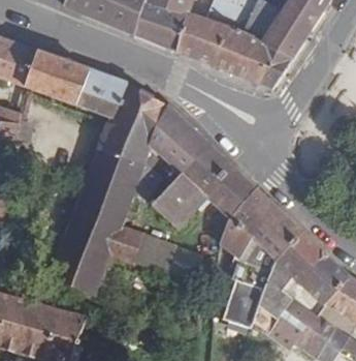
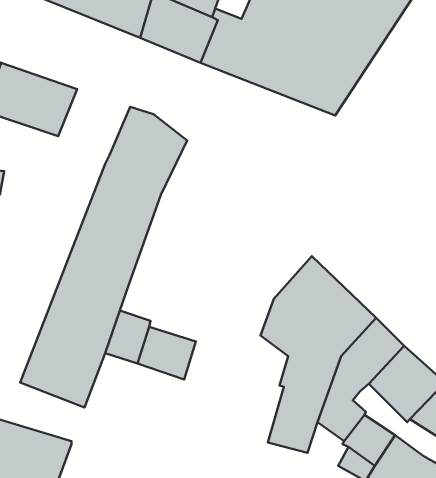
building: [76,69,127,116] -> none
building: [126,103,255,229] -> none

